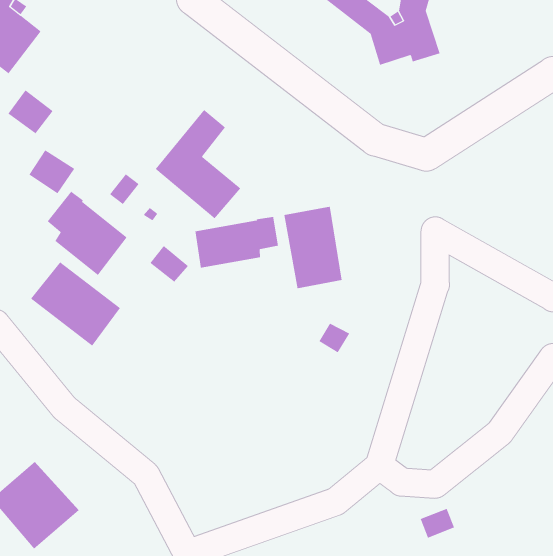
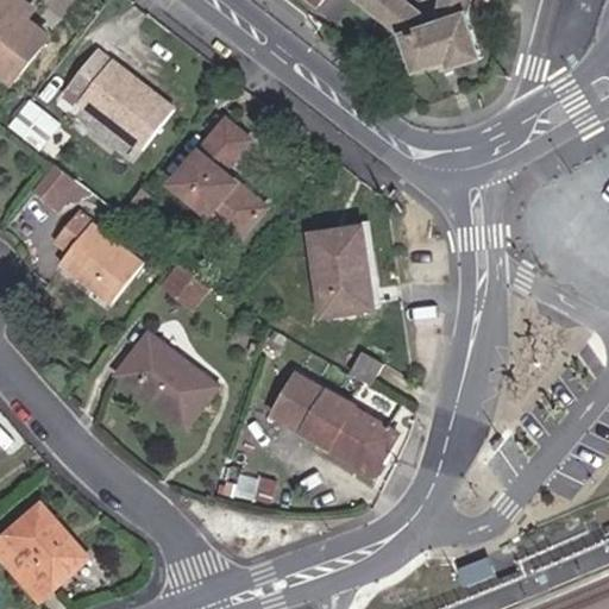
building: none -> [54,50,170,150]
building: [195,216,278,268] -> none
building: [30,261,121,346] -> [115,334,214,427]
building: none -> [271,371,397,475]

